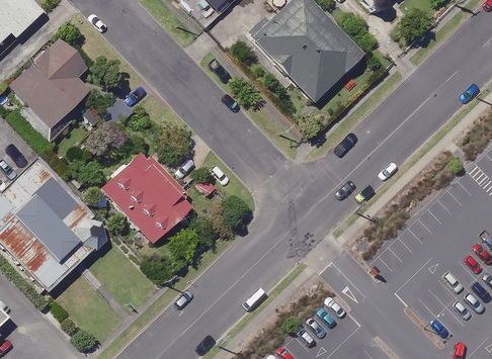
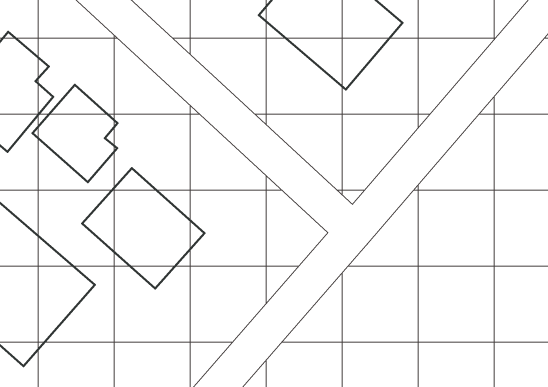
building: none -> [33,85,117,182]

